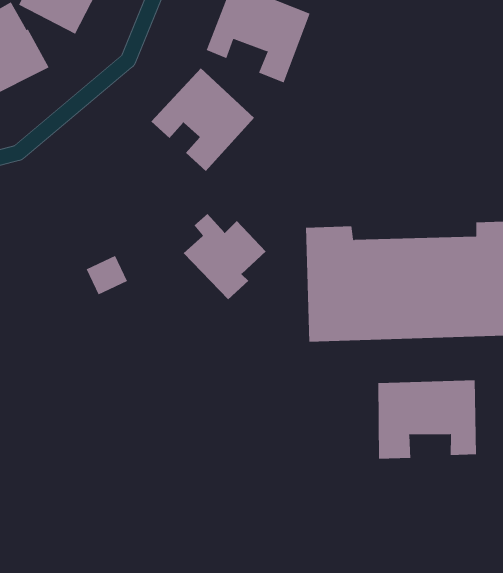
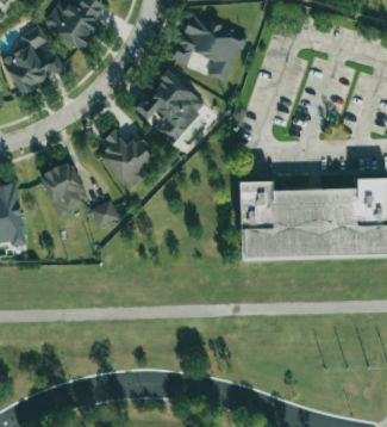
building: none -> [39,161,89,217]
building: [183,213,266,300] -> [98,130,155,190]
building: [378,380,476,459] -> none

